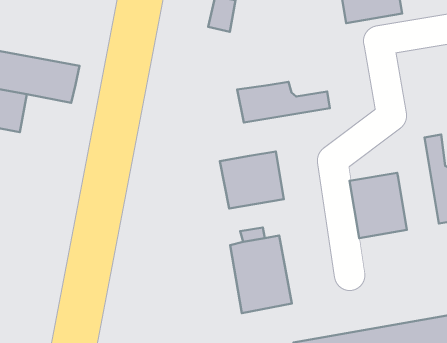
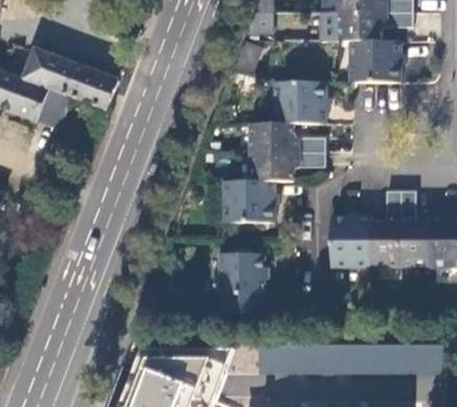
building: none -> [275,82,324,124]
building: none -> [249,152,324,181]
building: none -> [372,190,400,266]

